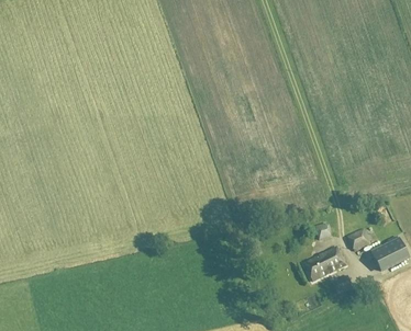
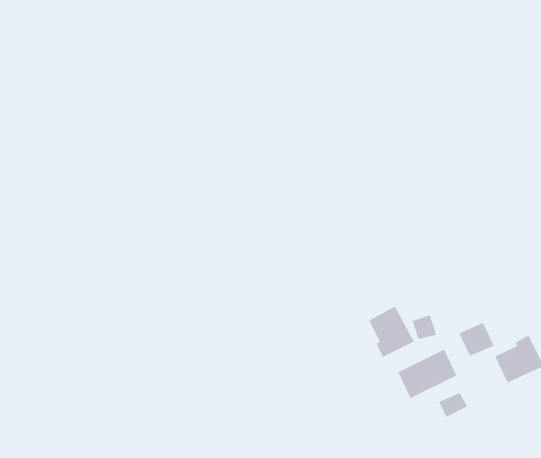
building: none -> [368,306,415,358]

